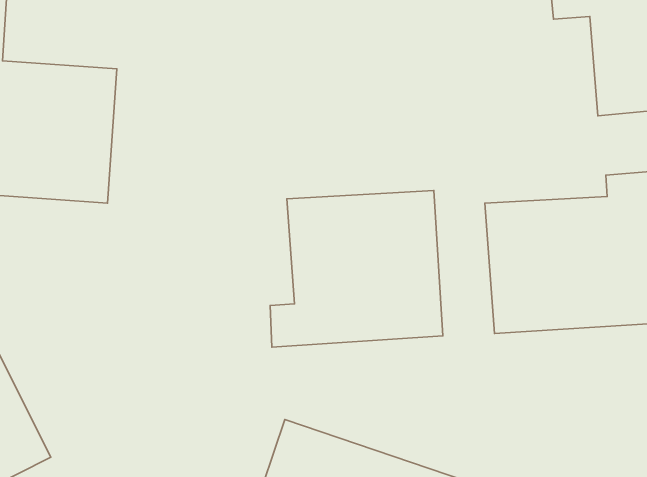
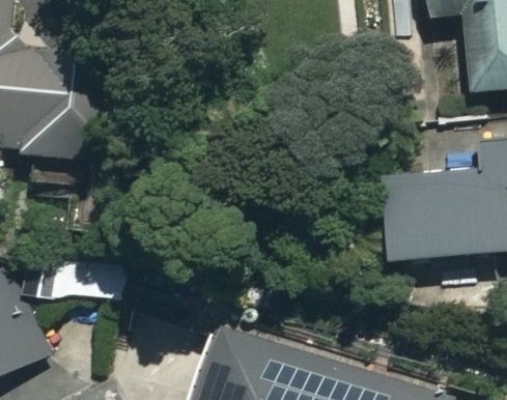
building: [270,191,443,347] -> none

